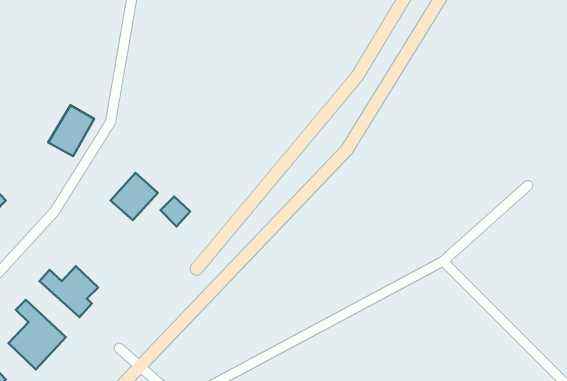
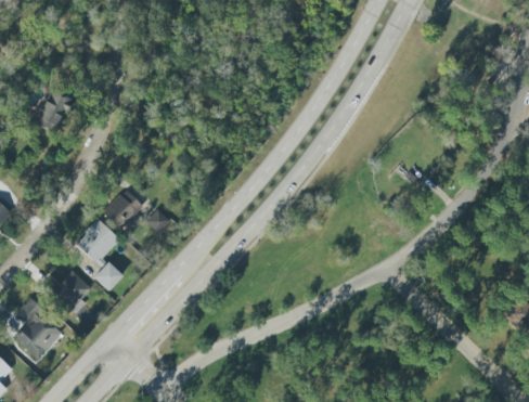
building: [48,105,94,156] -> [34,90,74,134]
building: none -> [74,219,120,265]
building: none -> [93,262,122,291]

